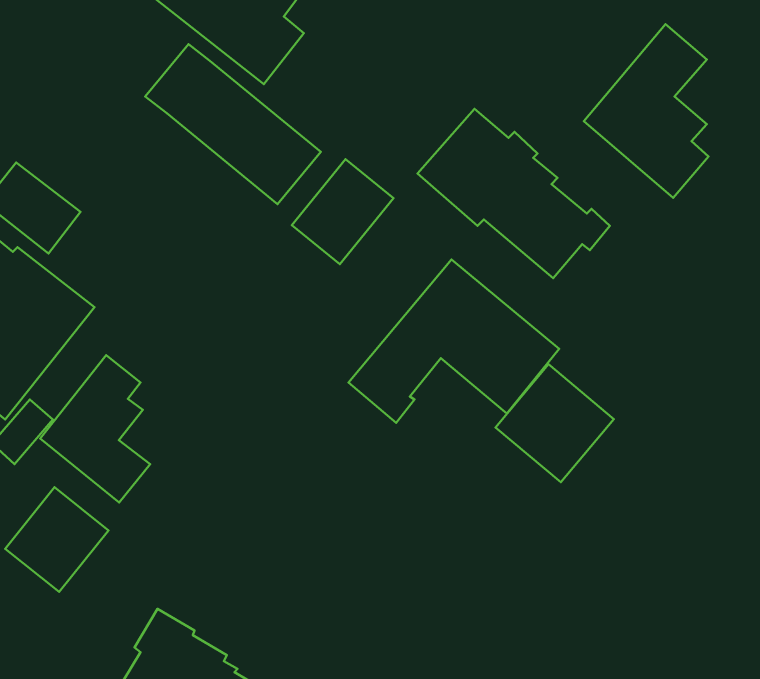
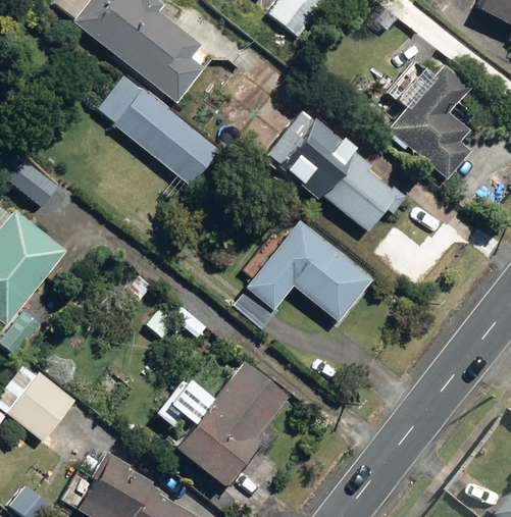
building: [292,159,393,264] -> none
building: [40,355,150,503] -> none
building: [496,364,614,482] -> none
building: none -> [175,360,287,482]

